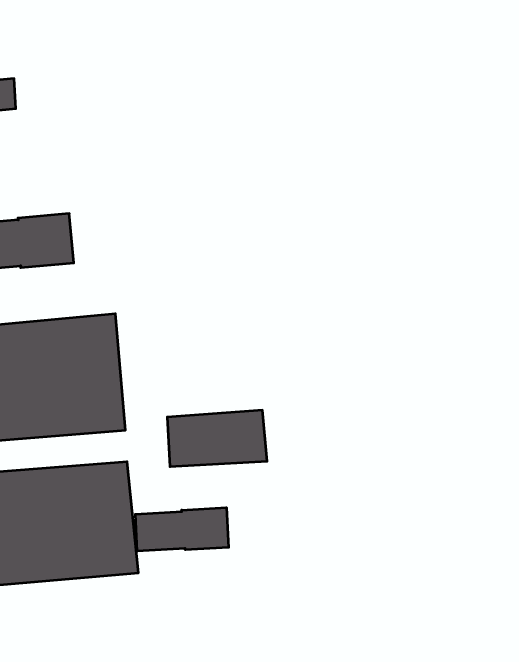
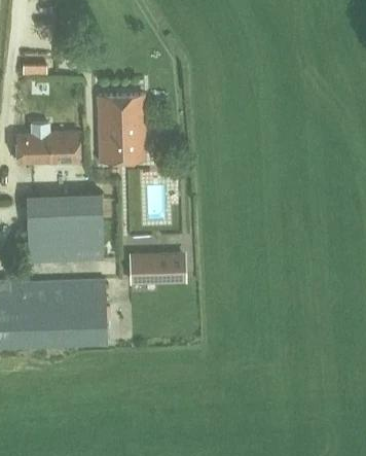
building: none -> [97,97,145,163]
building: [135,508,229,551] -> none

